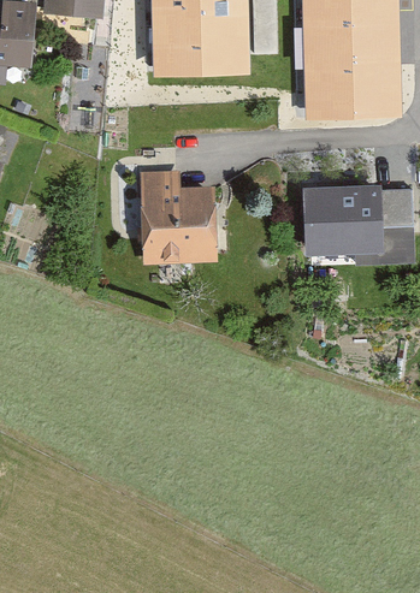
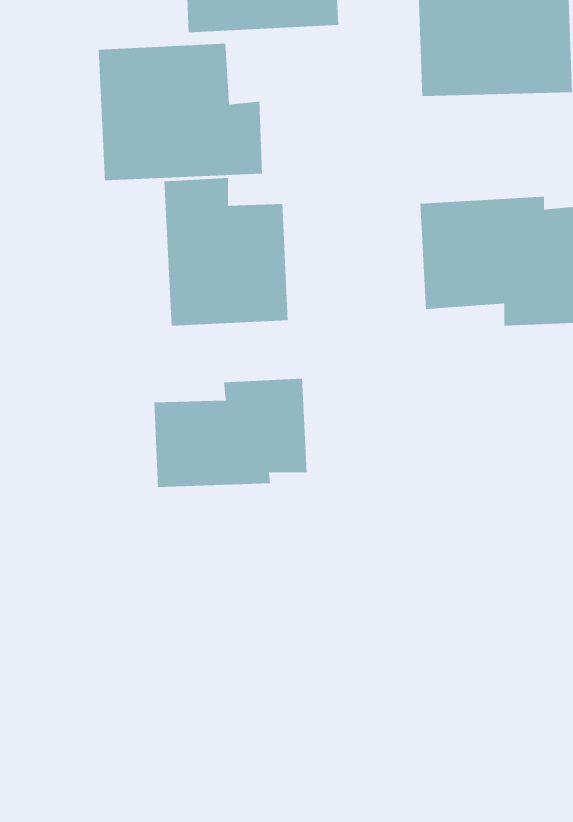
building: none -> [98,43,263,181]
building: none -> [153,378,307,488]

